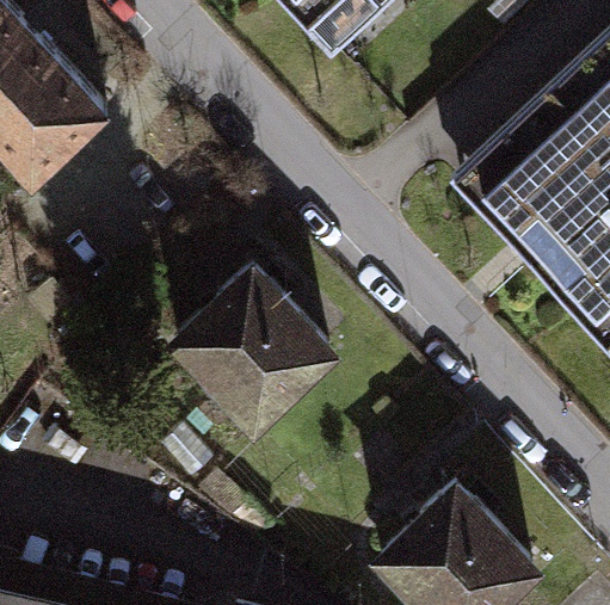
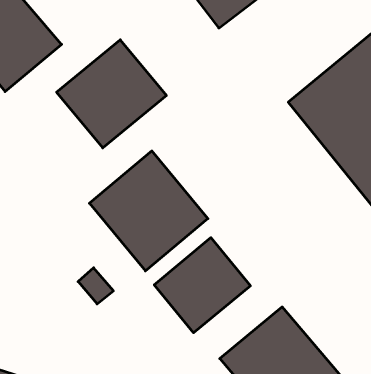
building: none -> [57,40,166,148]
building: none -> [154,238,250,333]

